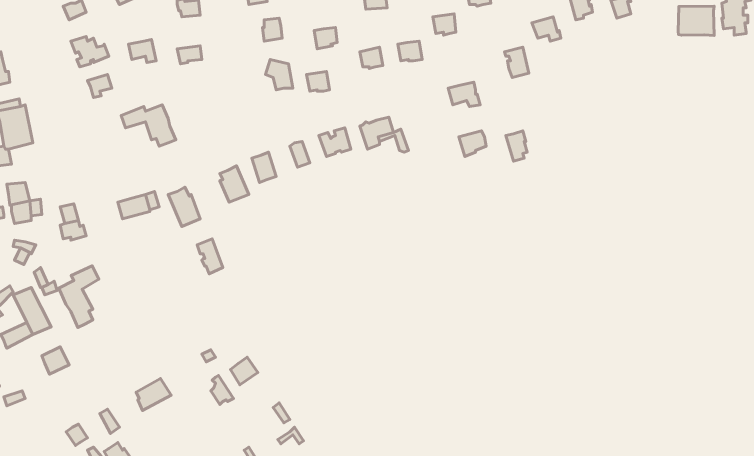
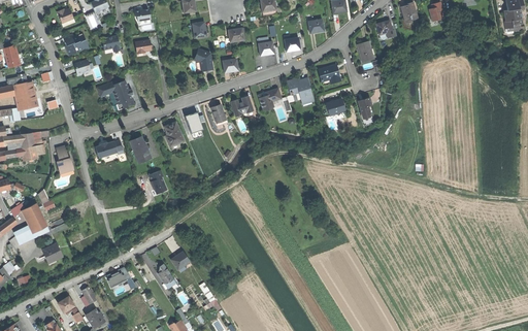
building: [678,6,714,36] -> none
building: none -> [287,77,314,103]
building: [59,266,99,328] -> none

